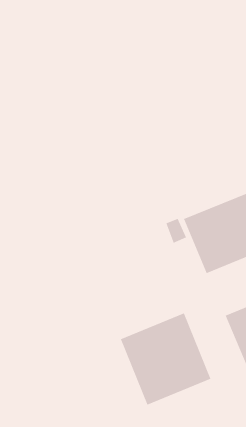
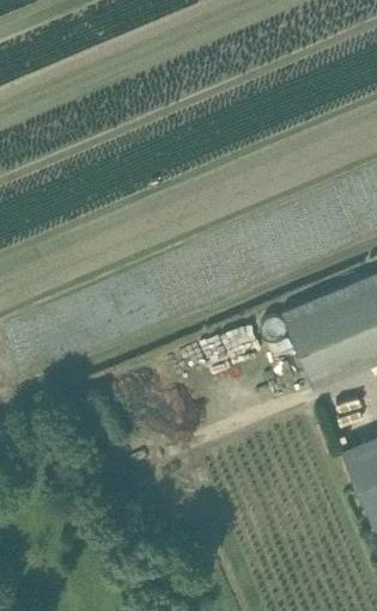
building: [120,312,211,406] -> none

